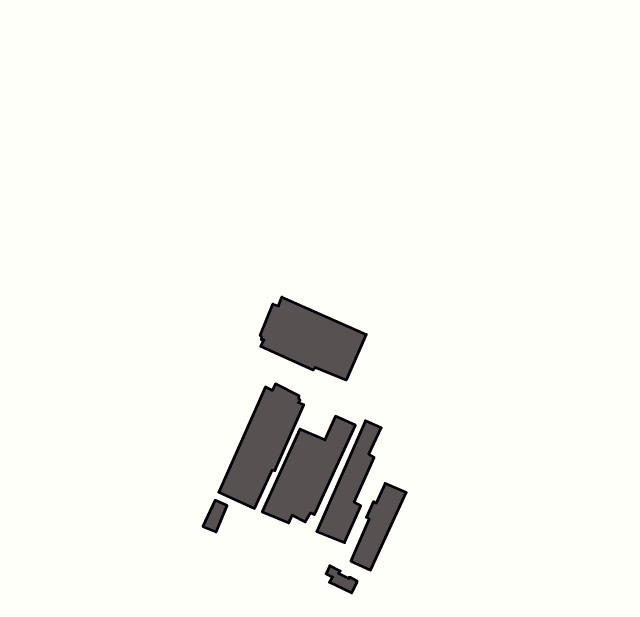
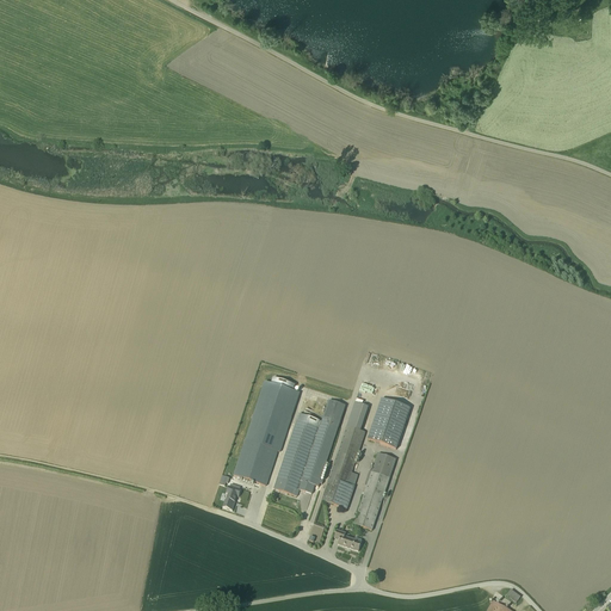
building: [260,297,366,380] -> none
building: none -> [368,395,409,446]

